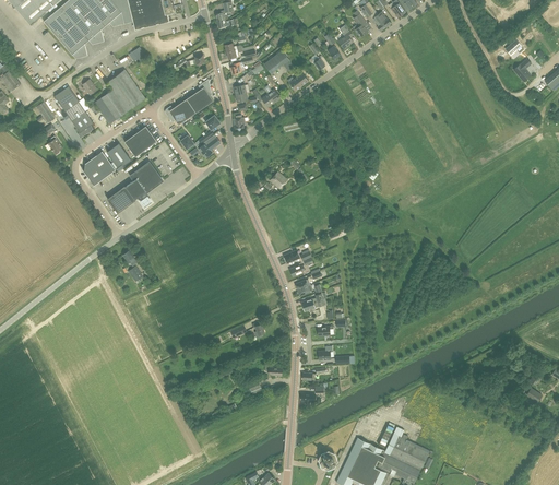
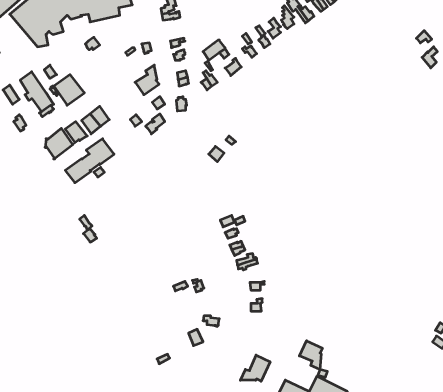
building: [107,70,145,110] -> none
building: [165,98,197,125] -> none
building: none -> [299,341,322,370]
building: none -> [240,355,270,381]

